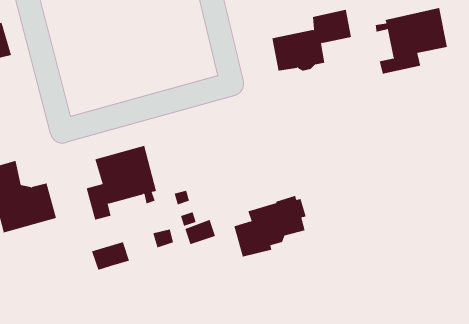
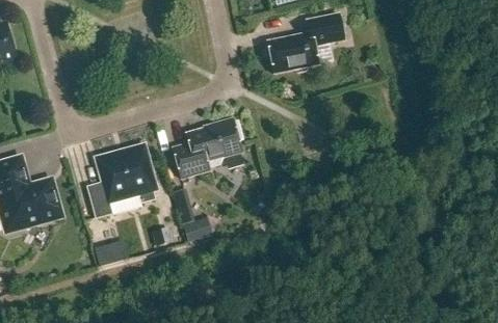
building: [375,7,448,74] -> none
building: [234,195,307,257] -> [173,117,243,178]

